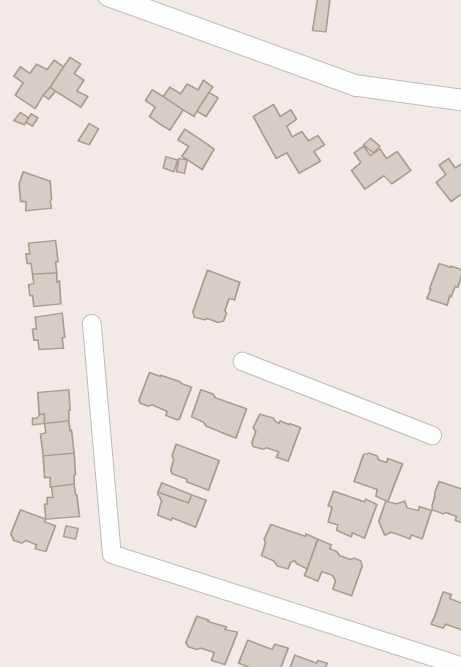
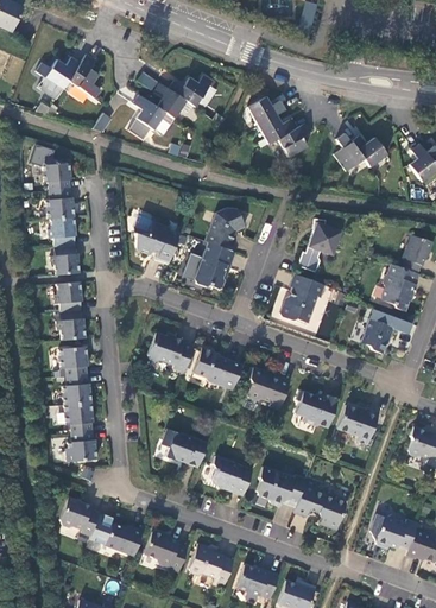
building: [178,129,214,169] -> [133,94,165,129]
building: none -> [45,186,74,217]
building: none -> [206,207,244,251]
building: none -> [298,217,342,271]
building: none -> [138,220,181,261]
building: none -> [380,262,421,310]
building: none -> [280,273,326,321]
building: none -> [360,309,399,353]
building: none -> [56,310,86,340]
building: [171,444,219,490] -> [210,454,253,494]
building: [328,491,377,538] -> [296,386,339,428]
building: [379,501,431,539] -> [371,513,417,546]
building: [11,510,55,551] -> [61,498,100,534]
building: none -> [106,522,143,555]
building: none -> [145,528,187,572]

